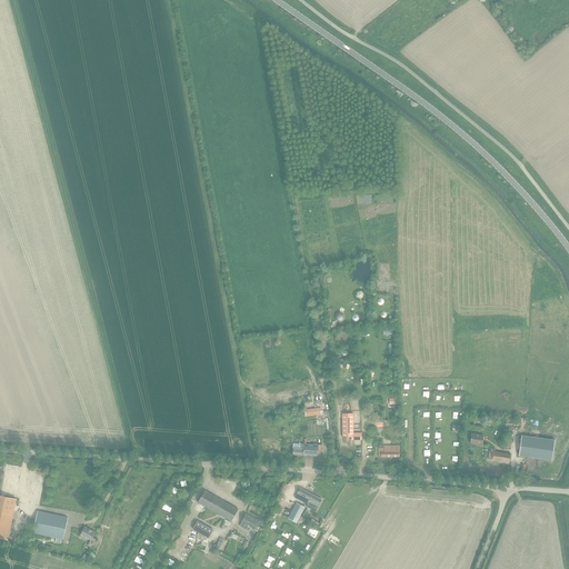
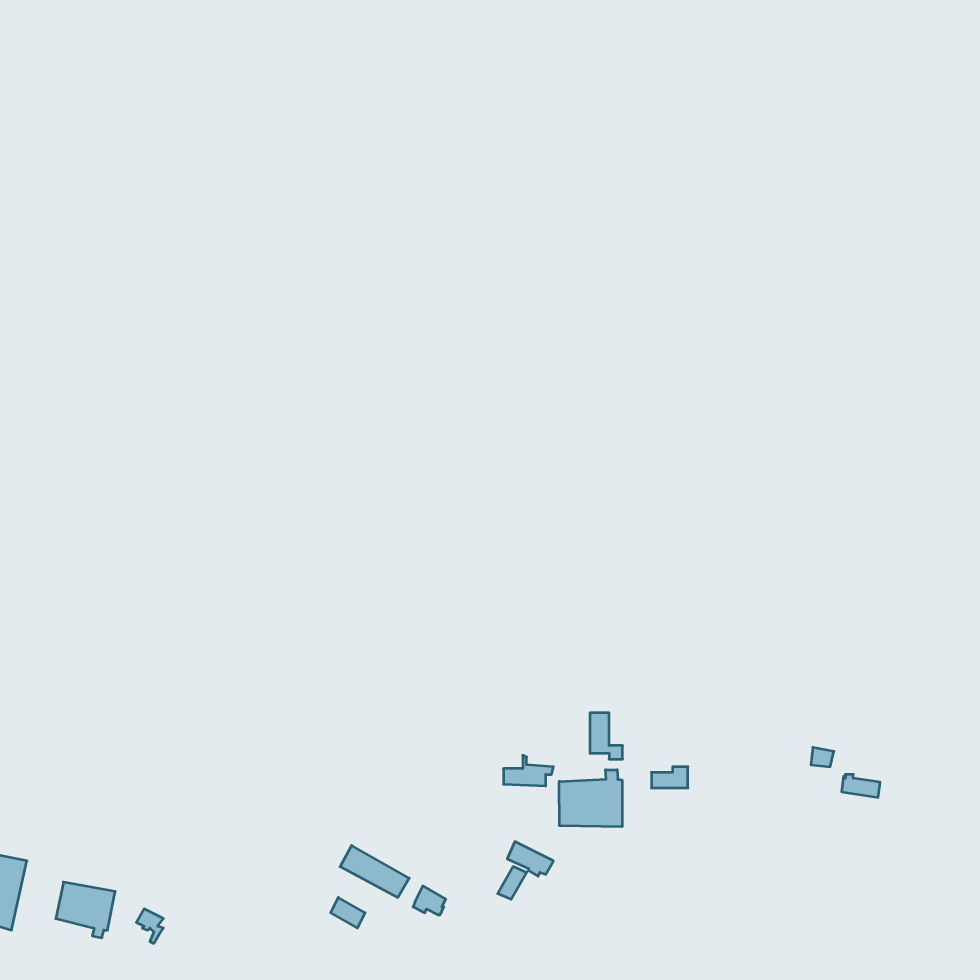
building: [518,433,553,459] -> none
building: none -> [559,770,622,827]

